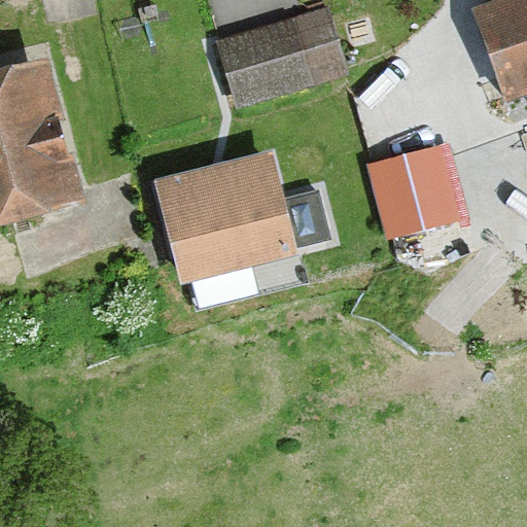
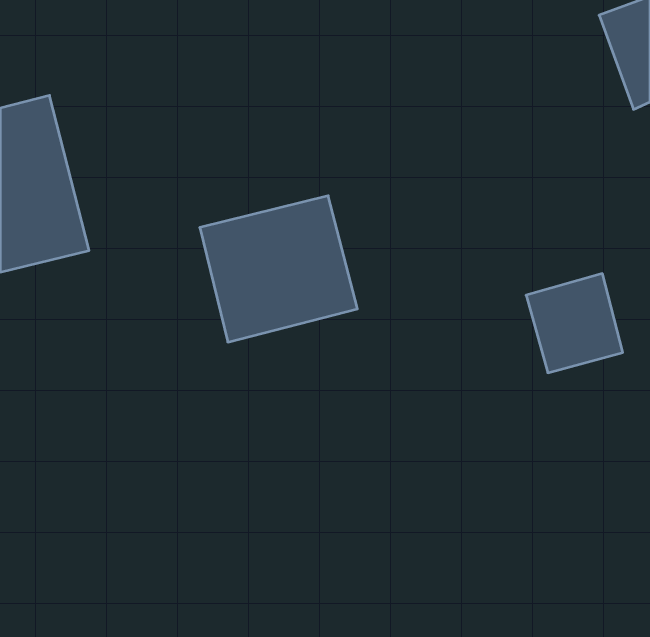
building: [225,11,338,94] -> none
building: [374,147,452,227] -> [526,274,623,373]

